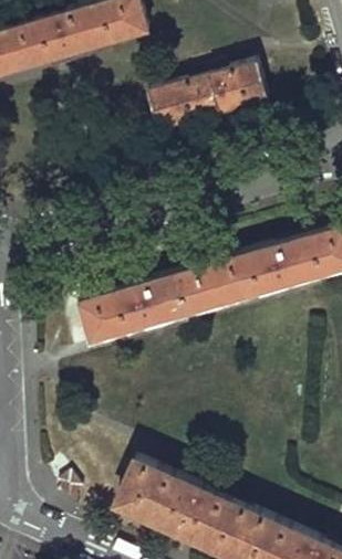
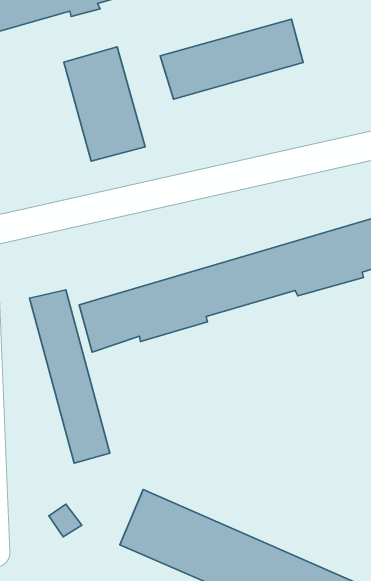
building: none -> [64,47,145,161]
building: none -> [30,290,110,463]

